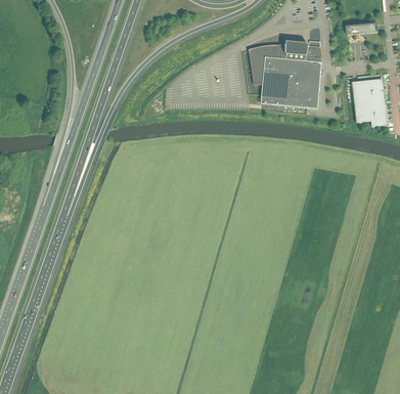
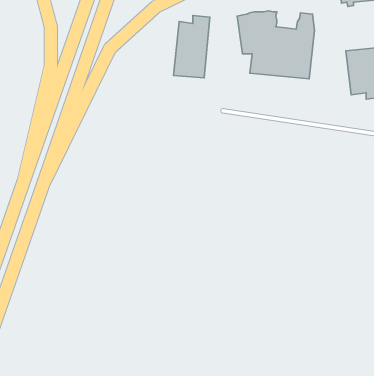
building: none -> [174,16,210,78]

